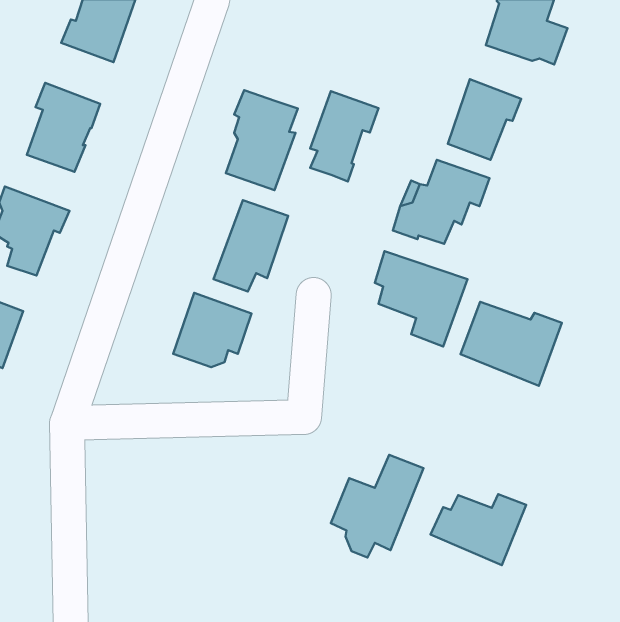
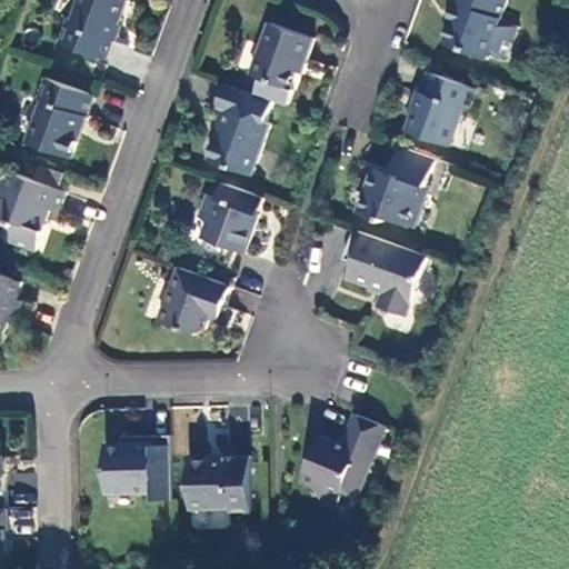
building: [310,91,378,181] -> [251,22,313,104]
building: [461,302,562,386] -> none
building: none -> [104,436,171,500]
building: [431,494,526,565] -> none
building: none -> [187,455,249,511]

